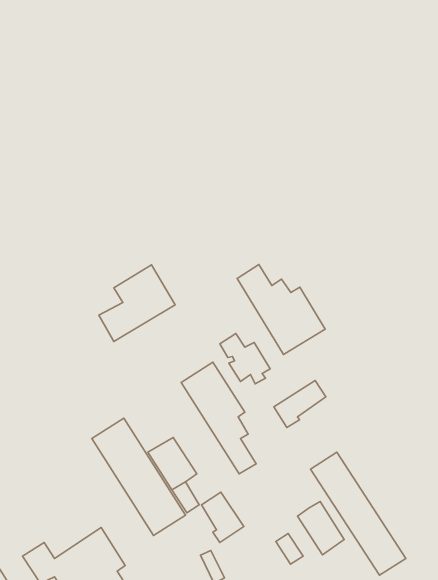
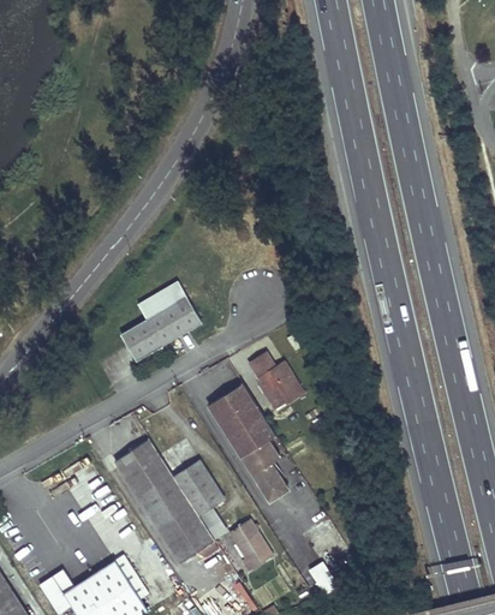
building: [237,265,325,354] -> none
building: [274,380,326,428] -> none
building: [310,452,406,575] -> none
building: [297,501,344,555] -> none

